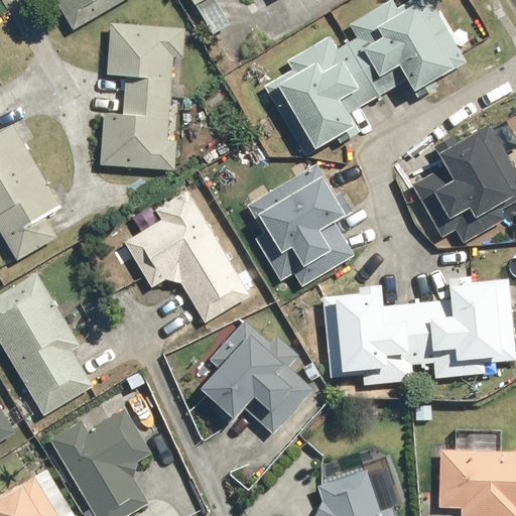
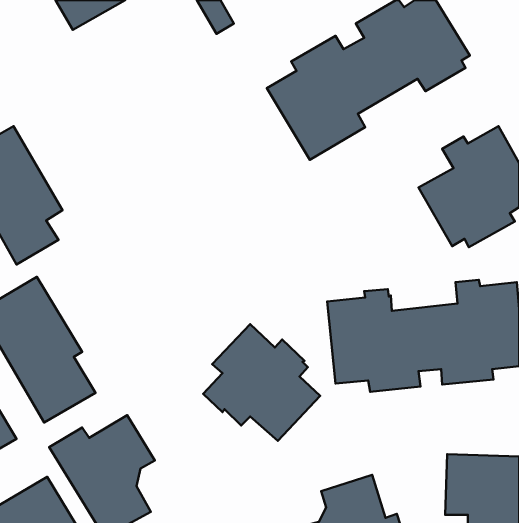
building: [100,22,186,170] -> none
building: [247,162,354,286] -> none
building: [123,190,251,324] -> none

